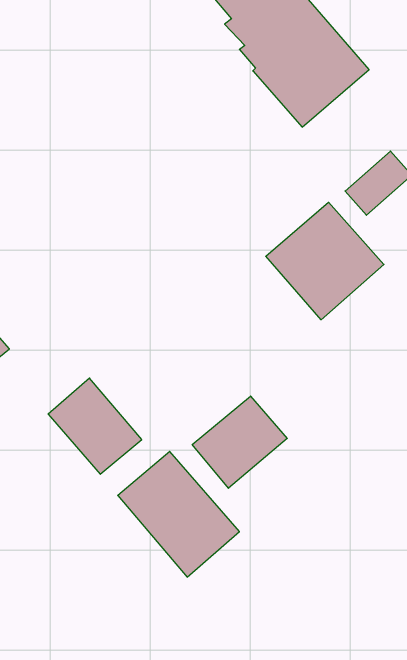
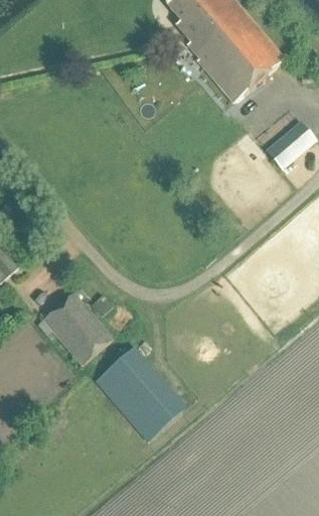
building: [266,202,384,320] -> none
building: [192,396,287,488] -> none

